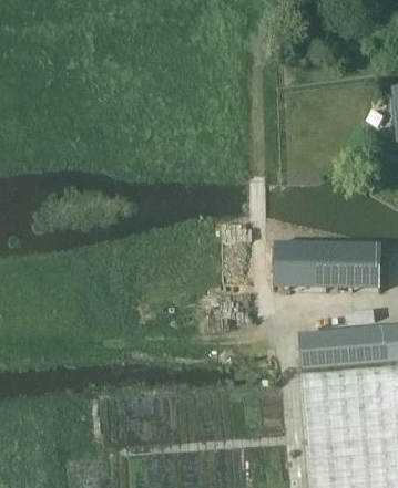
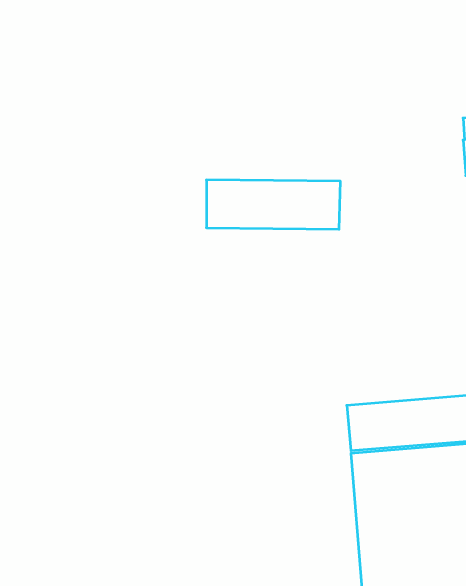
building: [274,245,382,284] -> [206,180,340,229]

